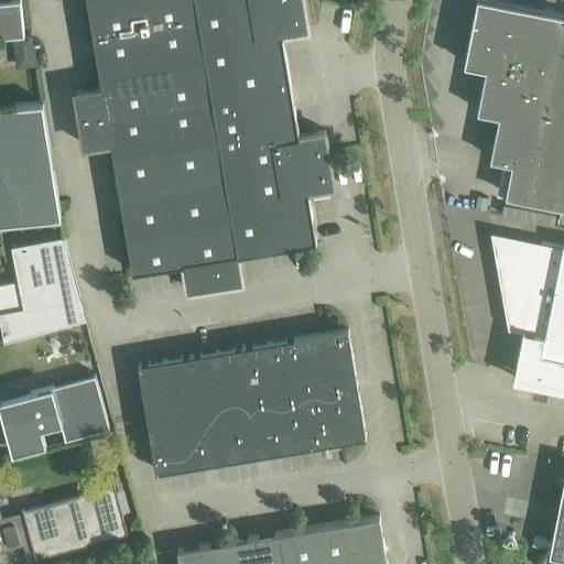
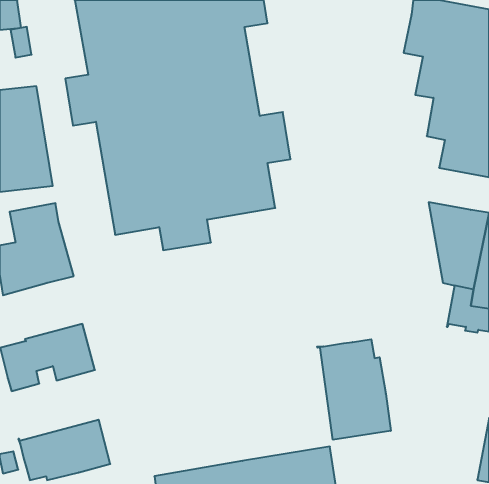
building: [138,334,366,475] -> none
building: none -> [317,339,391,440]

